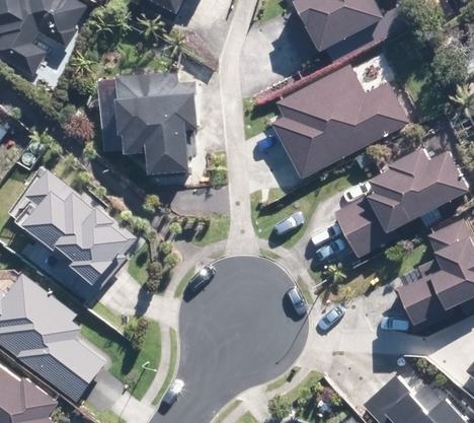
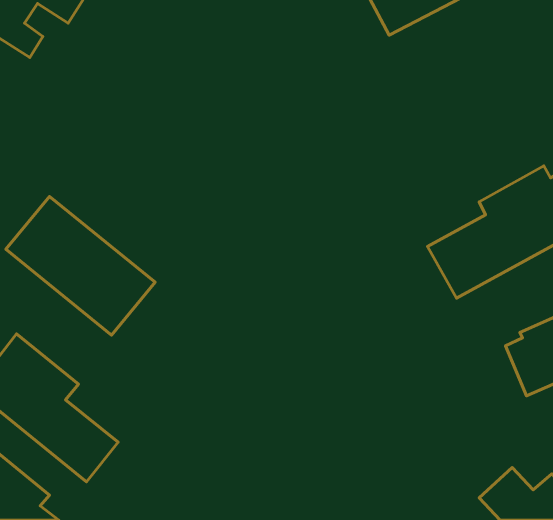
building: [278,68,406,170] -> none
building: [122,76,196,165] -> none

